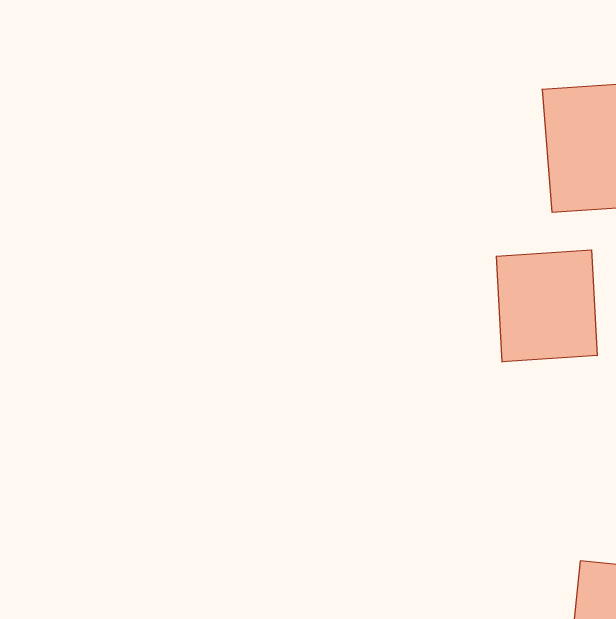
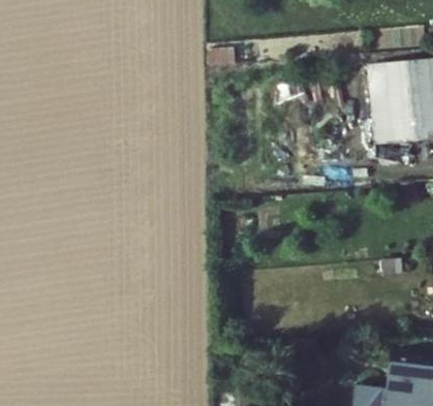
building: [496,250,597,362] -> none

